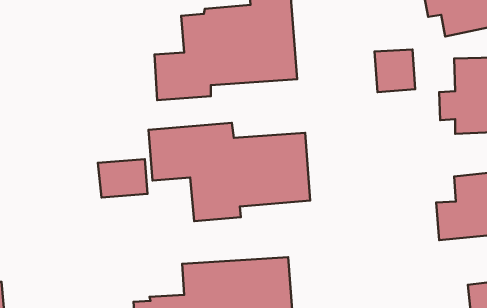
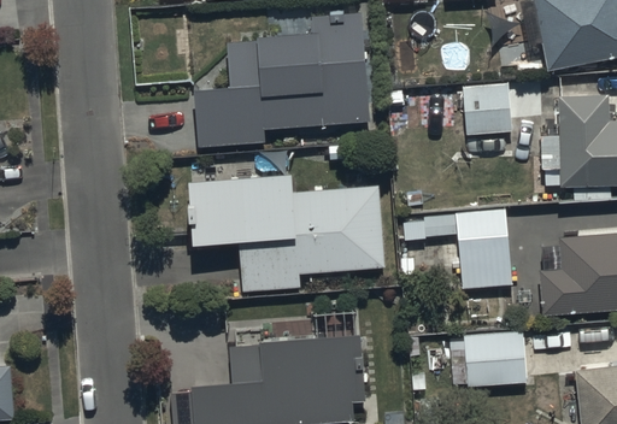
building: none -> [404,208,512,288]
building: [98,159,147,198] -> none
building: none -> [464,330,525,387]

